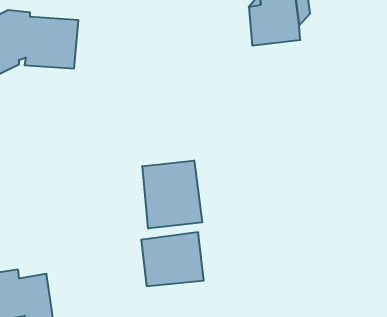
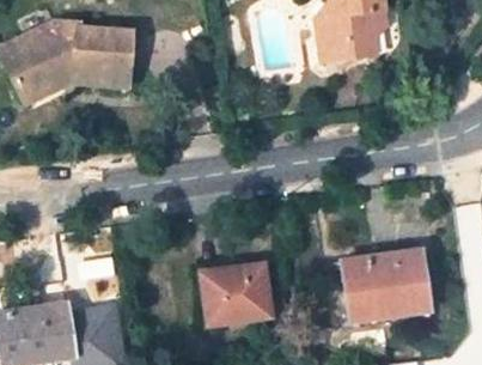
building: [142,160,202,229] -> none
building: none -> [343,254,428,320]

